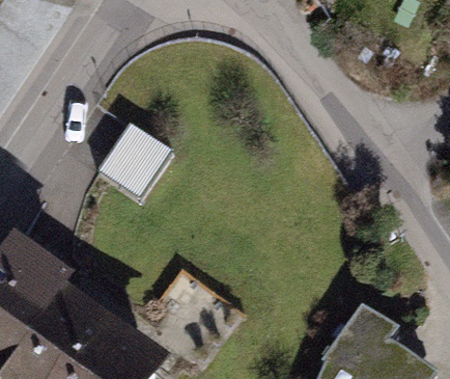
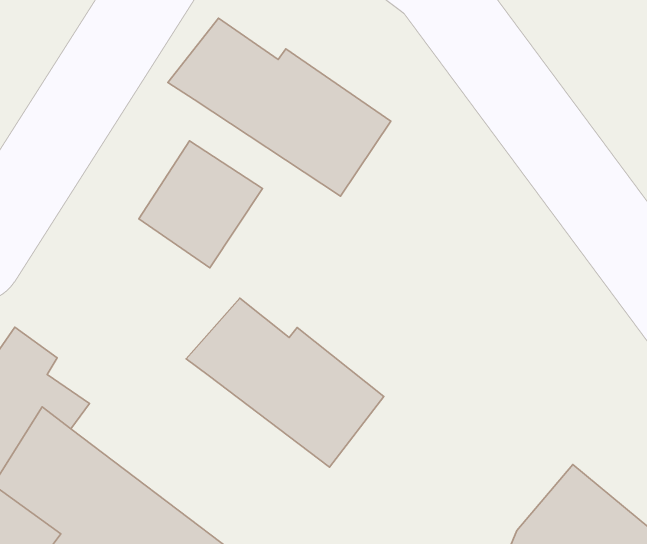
building: none -> [168,18,391,196]
building: none -> [186,298,384,467]

